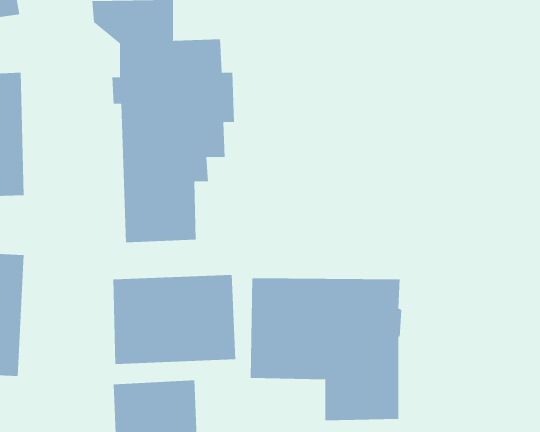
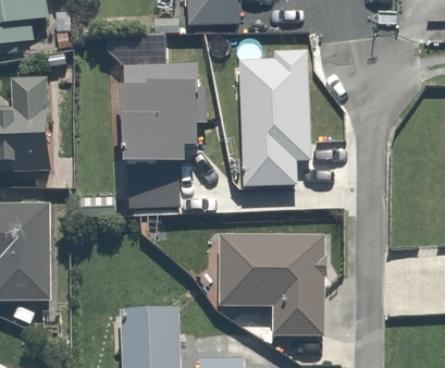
building: none -> [237,49,309,184]
building: [113,274,236,365] -> none

